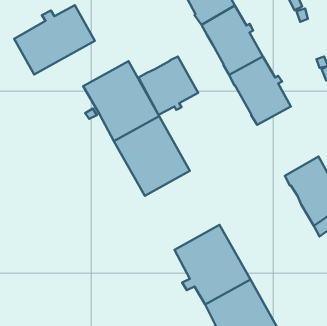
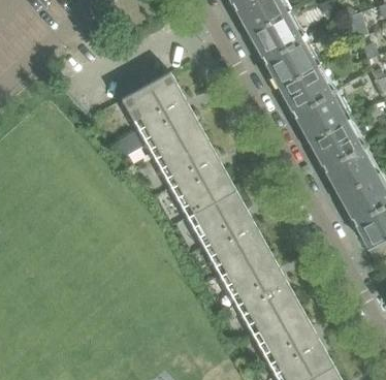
building: [14,5,95,74] -> none
building: [139,56,198,115] -> none
building: none -> [310,121,376,195]
building: none -> [189,190,269,275]

